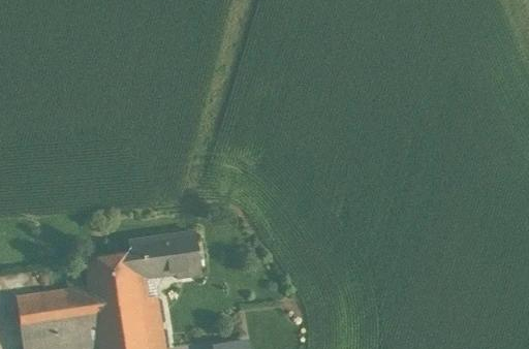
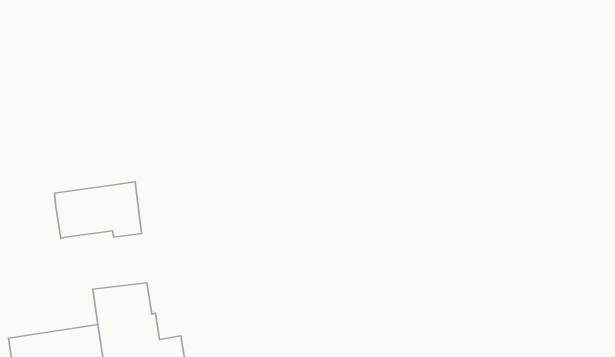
building: [130,232,201,279] -> [55,182,142,238]

